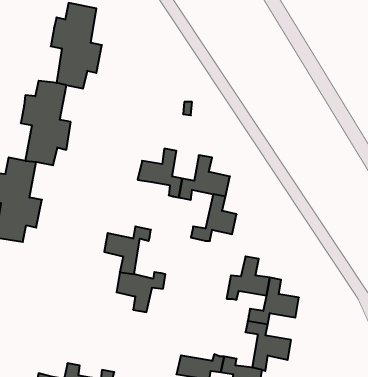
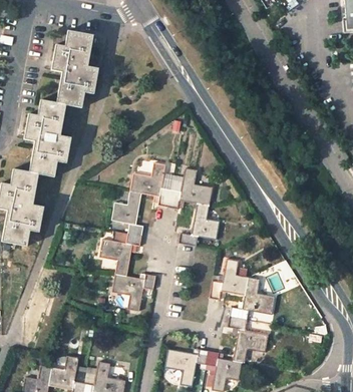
building: none -> [112,190,143,236]

